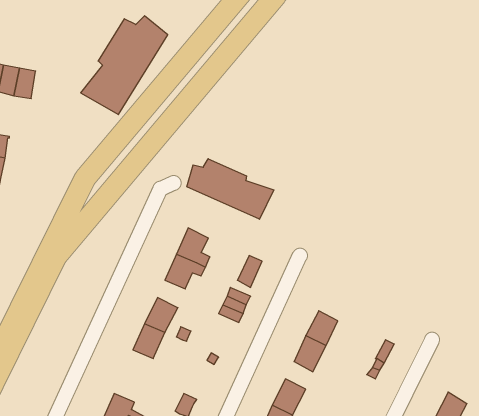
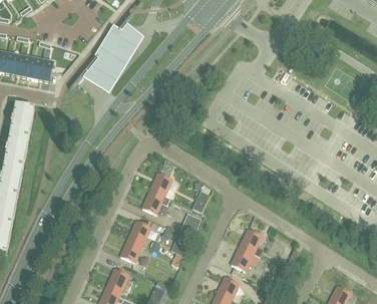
building: [187,159,274,219] -> none
building: none -> [107,267,131,294]

